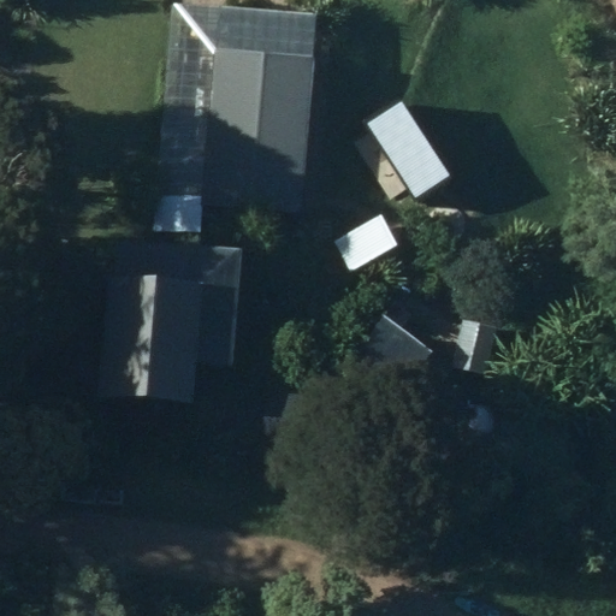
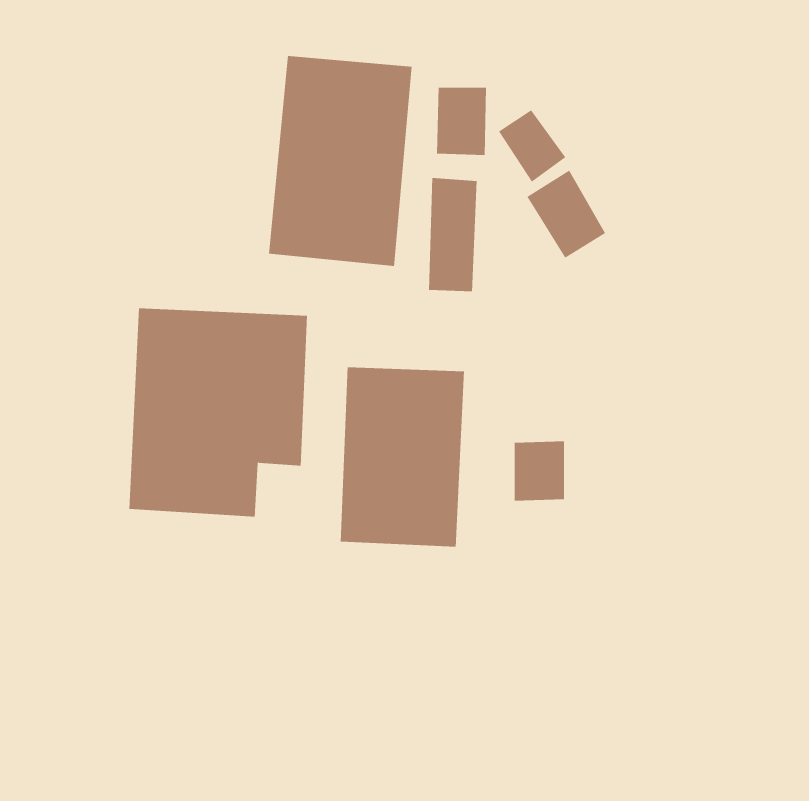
building: none -> [340,367,465,548]

